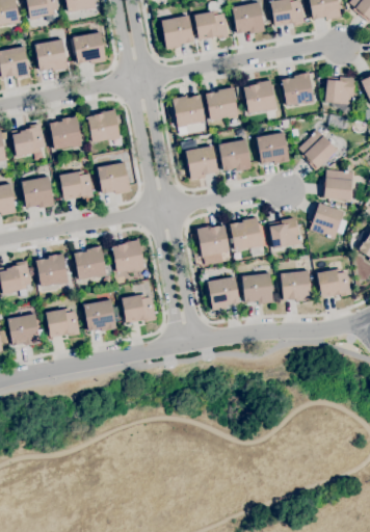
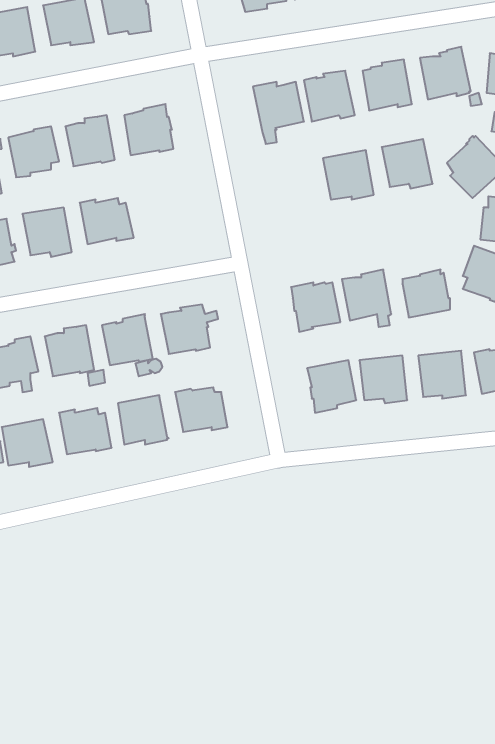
building: [184,140,218,180] -> none
building: [98,162,131,194] -> none

